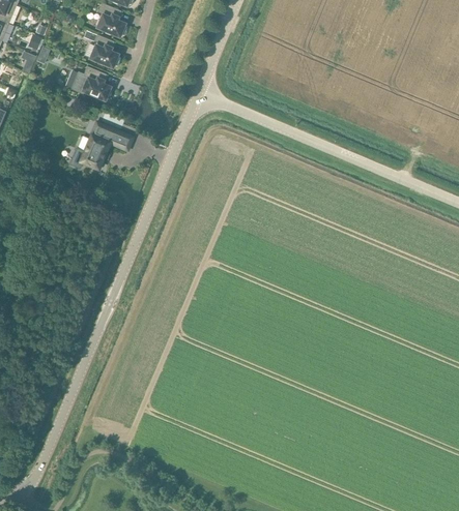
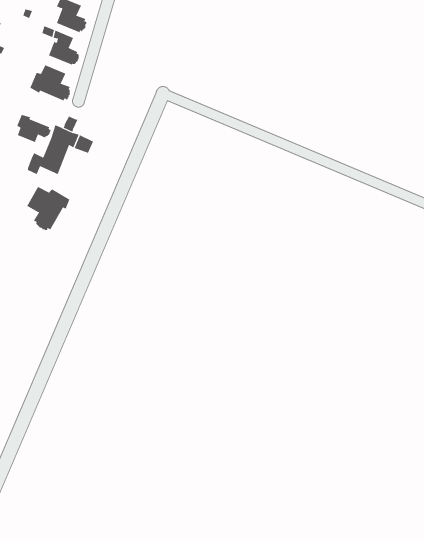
building: none -> [16,114,51,143]
building: none -> [26,186,70,231]

